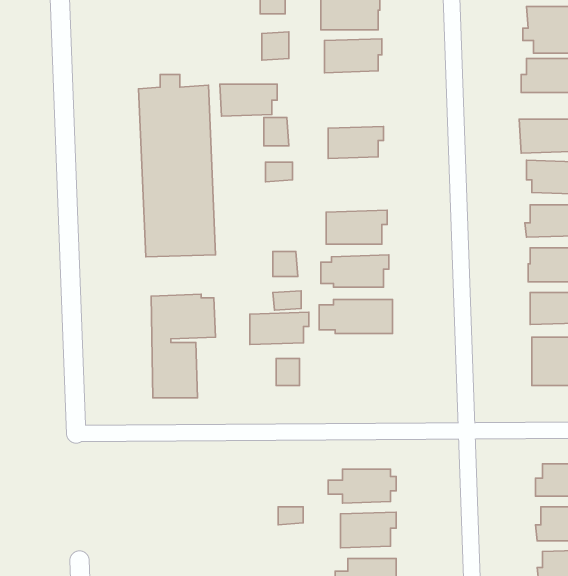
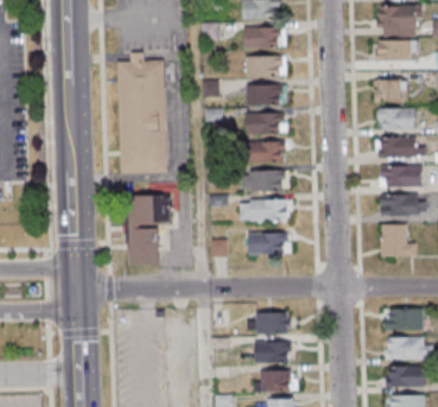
building: [220,84,277,116] -> [245,56,283,77]
building: none -> [246,113,284,134]
building: [250,312,309,344] -> [248,233,287,254]

